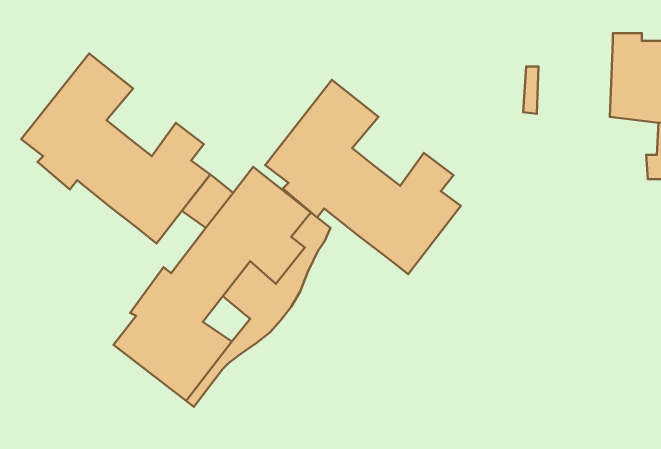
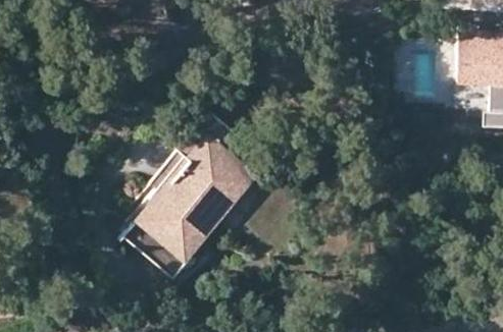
building: [21,53,210,243] -> none
building: [265,80,461,274] -> none

